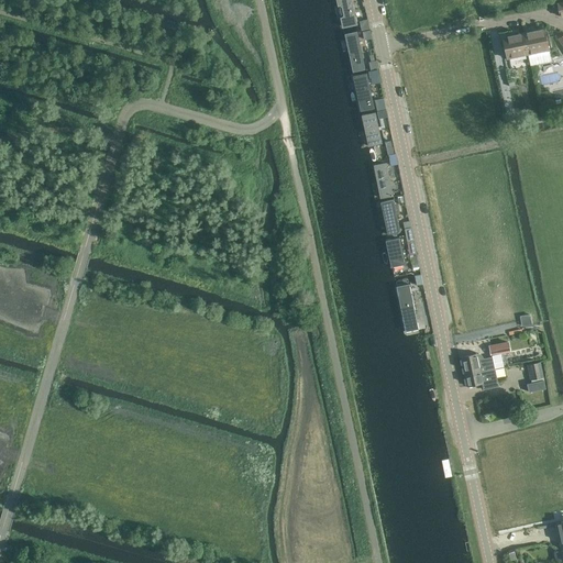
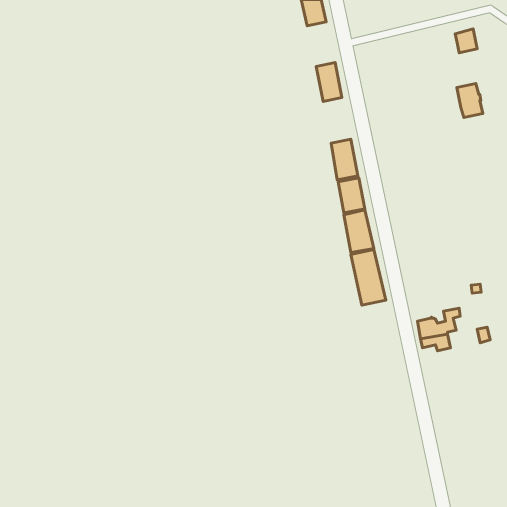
building: [341,25,371,71] -> none
building: [525,27,553,65] -> [457,84,483,117]
building: [358,109,388,155] -> none

